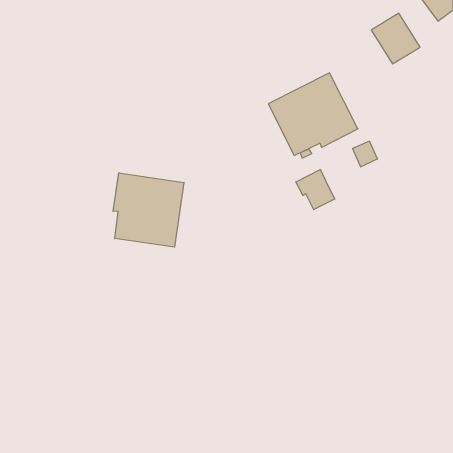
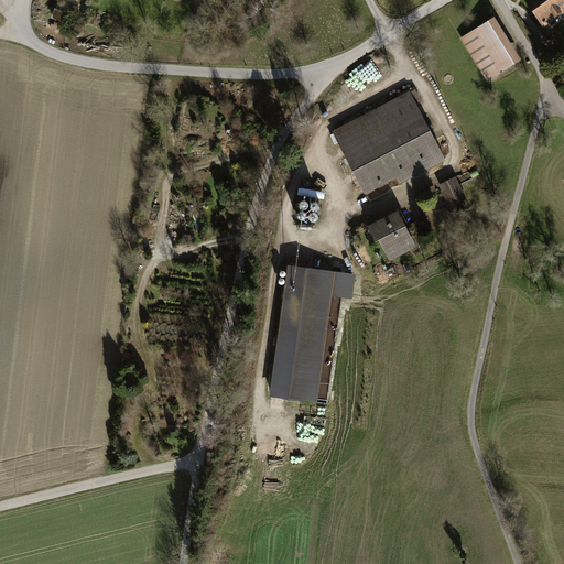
building: [113,173,184,247] -> none
building: none -> [271,264,355,398]

